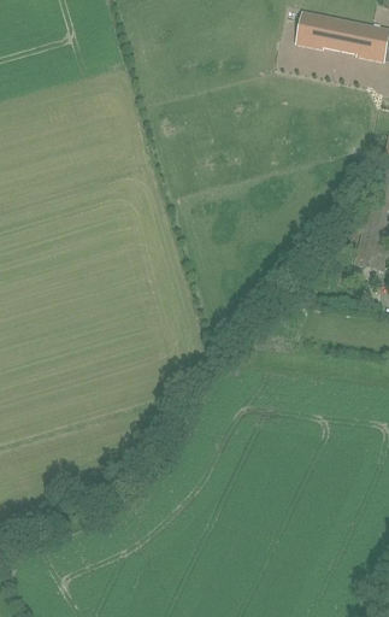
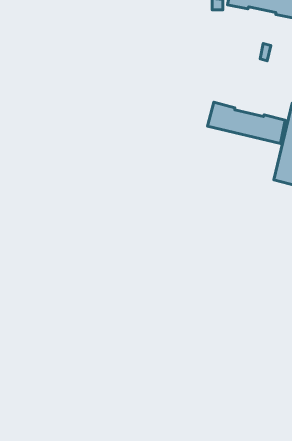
building: none -> [208,102,285,144]

